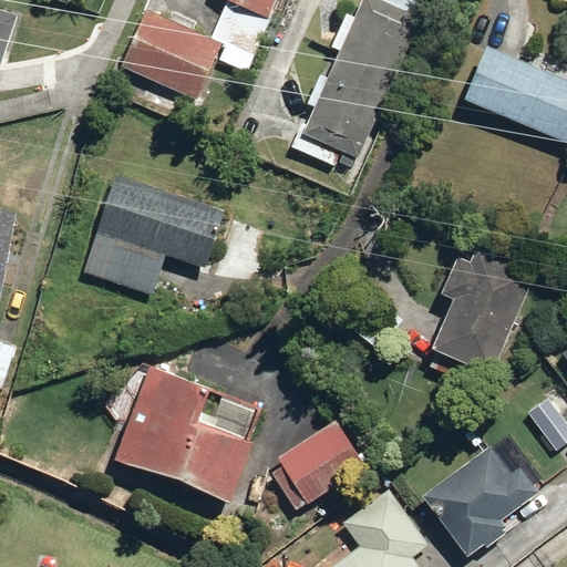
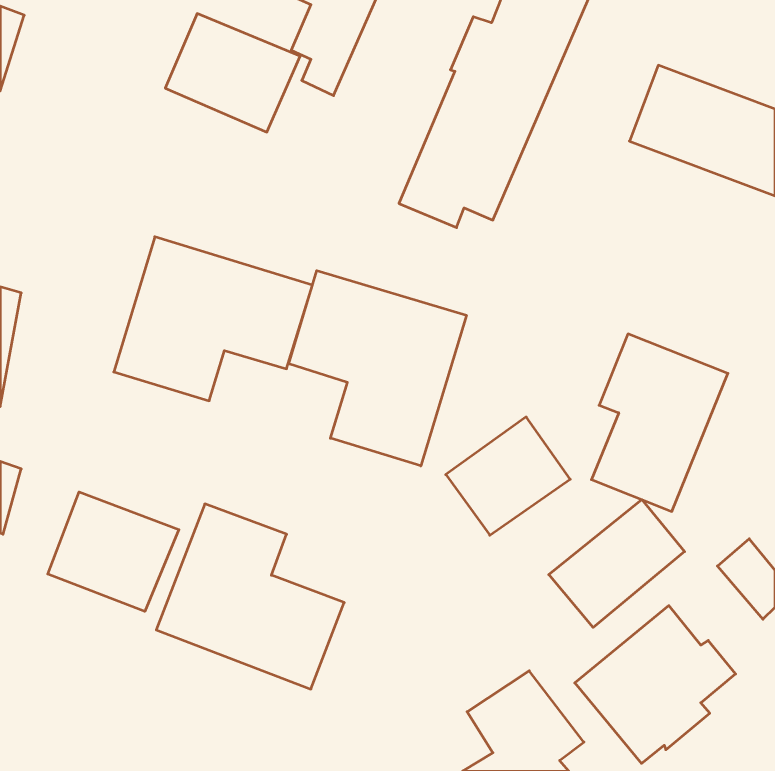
building: none -> [289,271,466,466]
building: none -> [48,492,179,611]
building: none -> [549,500,685,627]
building: [276,419,367,505] -> [446,417,570,535]

